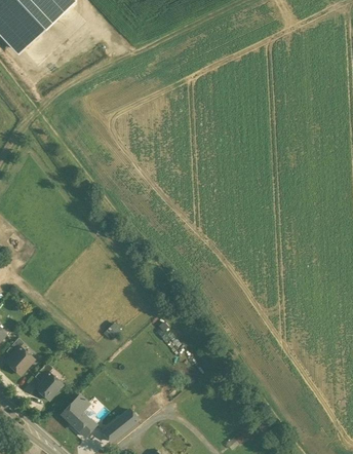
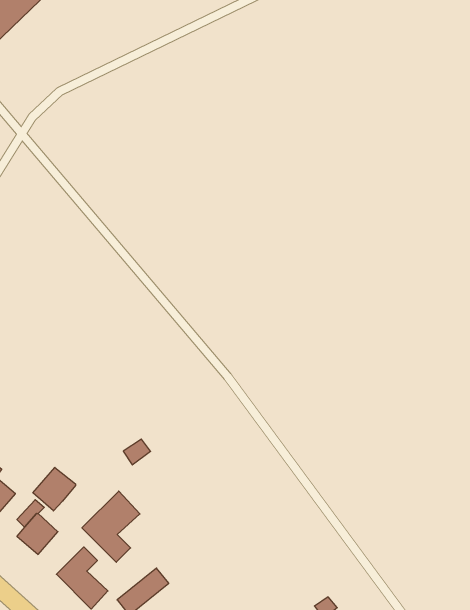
building: none -> [33,467,76,511]
building: none -> [82,491,140,562]

